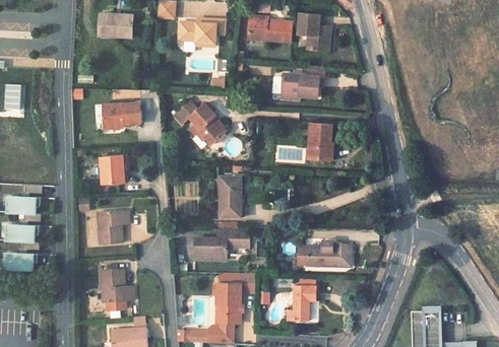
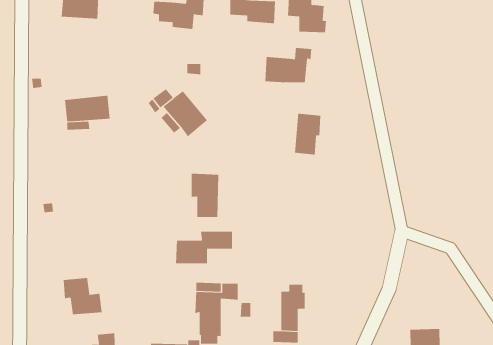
building: [101,157,124,186] -> none
building: [96,212,130,247] -> none
building: [304,237,350,263] -> none

